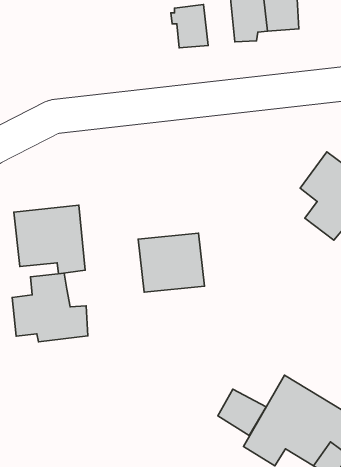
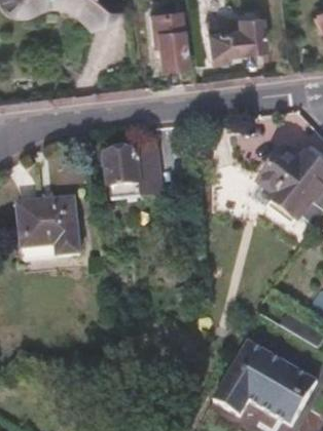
building: [138,233,205,292] -> [105,147,162,197]
building: [12,273,88,342] -> none
building: [218,389,266,435] -> none

